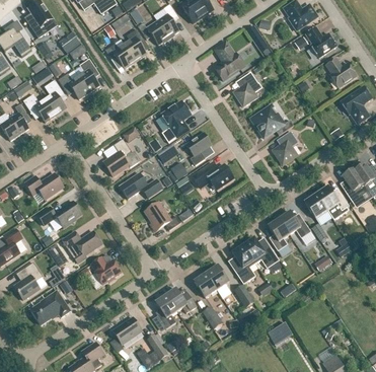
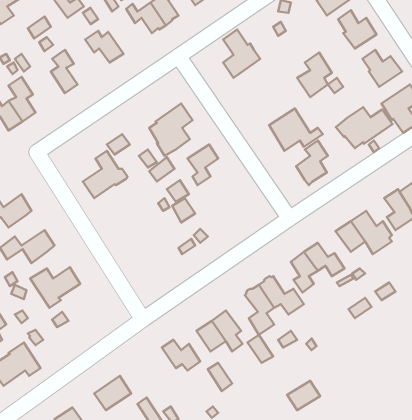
building: [124,28,147,61] -> none
building: [233,71,260,106] -> [297,52,332,97]
building: [58,73,89,98] -> none
building: none -> [336,107,392,148]
building: [193,162,233,189] -> none
building: [119,172,162,198] -> none
building: [145,202,181,230] -> none
building: [91,256,121,284] -> none
building: [155,294,177,328] -> none

